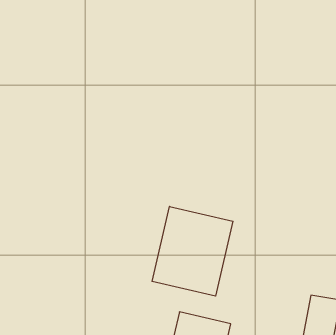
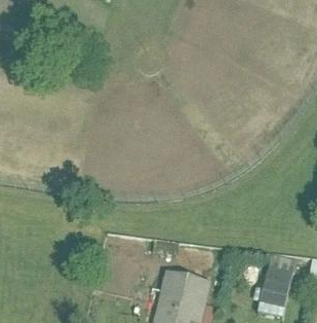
building: [152,206,233,296] -> none

